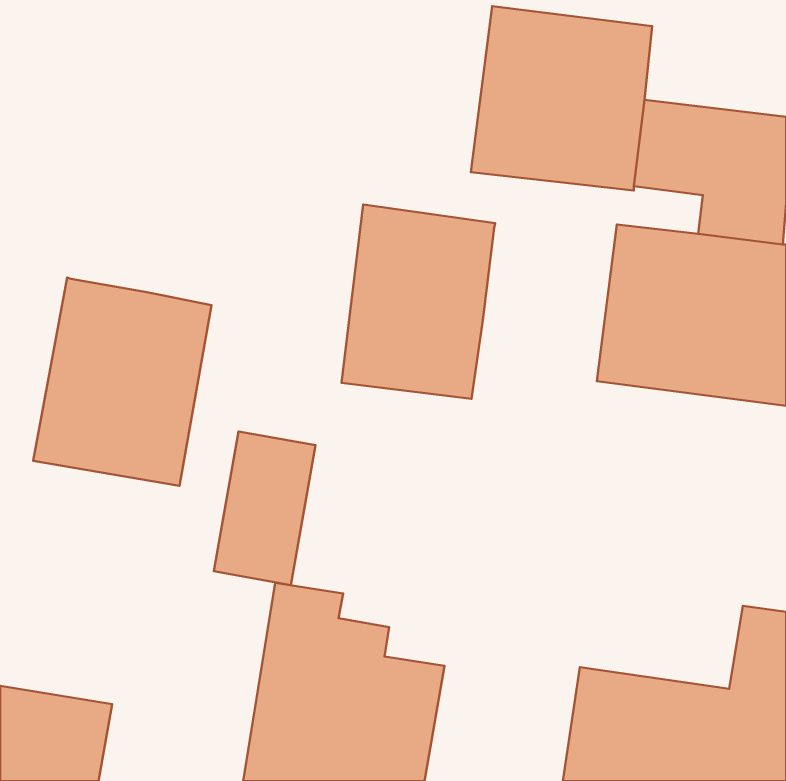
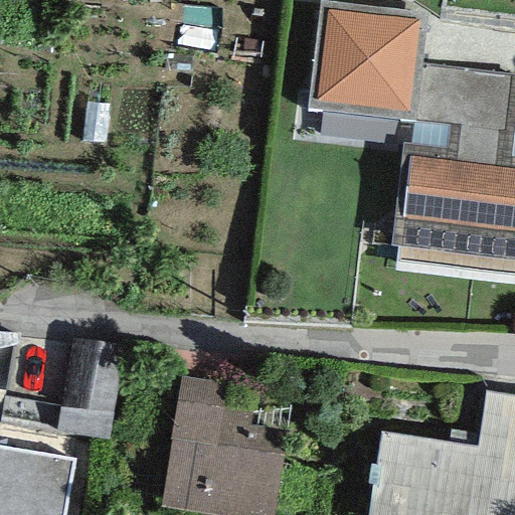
building: [342,205,495,399] -> none
building: [33,277,211,486] -> none
building: [214,431,316,585] -> [57,341,124,442]

